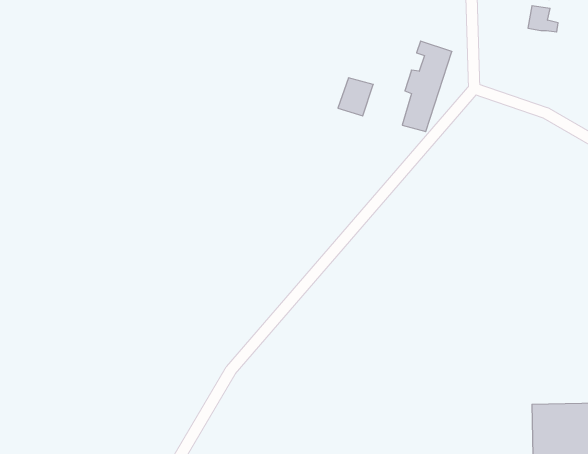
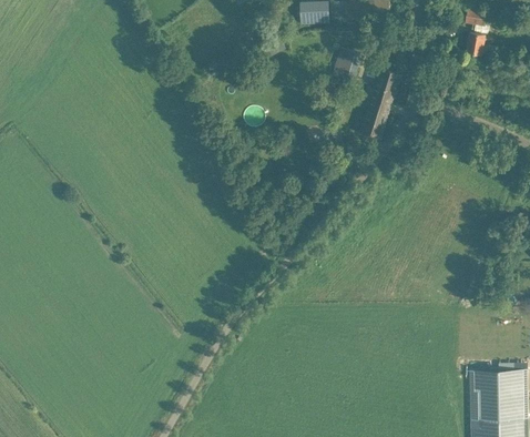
building: [338,78,373,116] -> [332,49,361,81]

